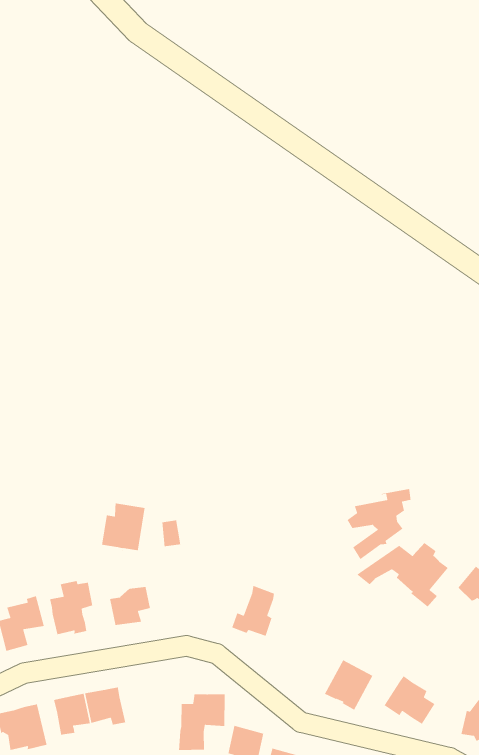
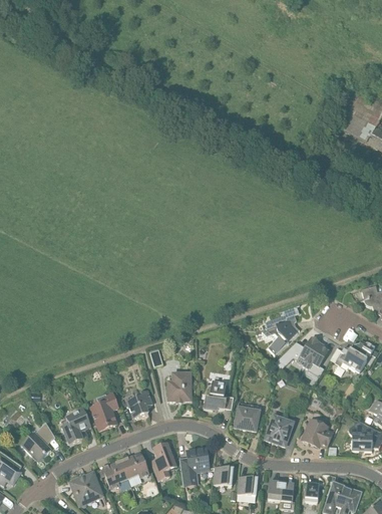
building: [101,503,146,552] -> [167,373,190,403]
building: none -> [234,404,261,431]
building: none -> [151,443,176,480]

